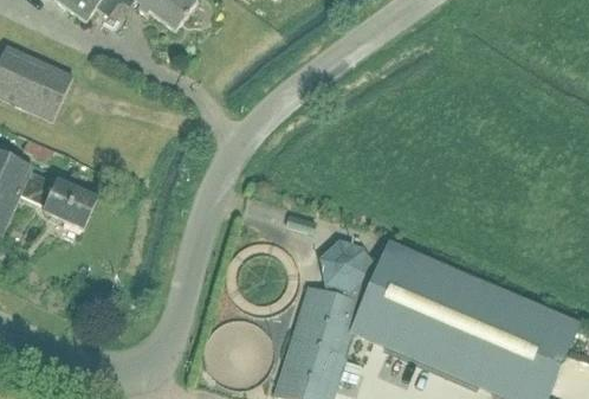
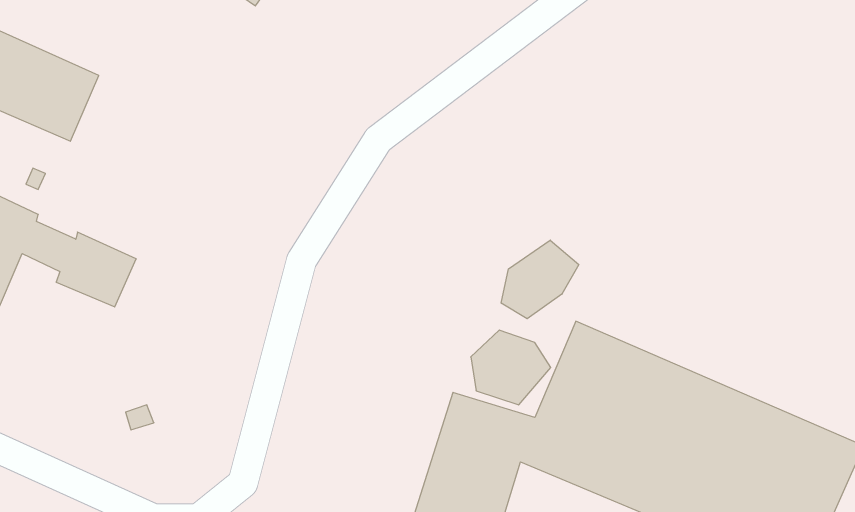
building: none -> [501,240,579,319]

